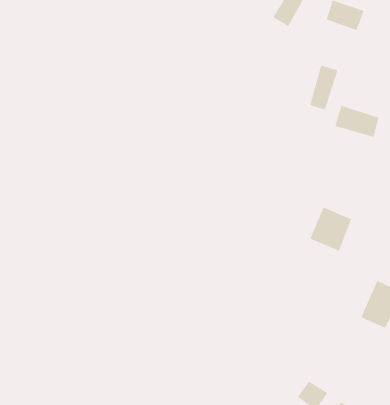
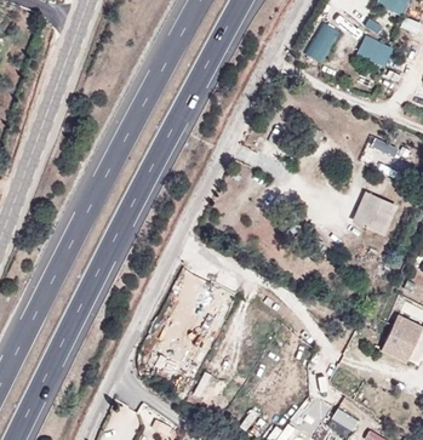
building: [309,65,338,111] -> none
building: [310,207,352,251] -> [359,190,400,234]

